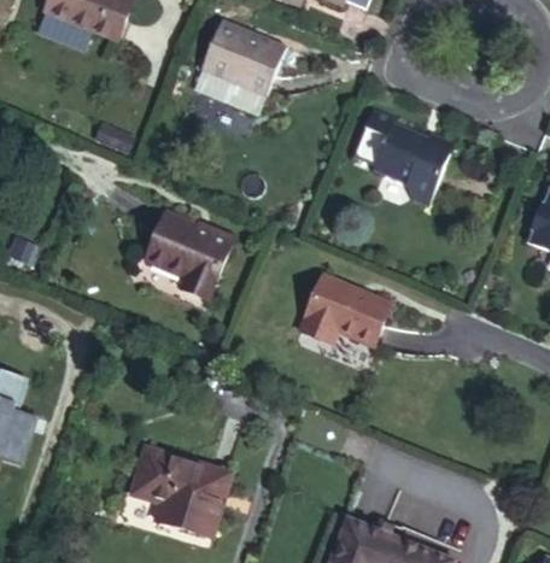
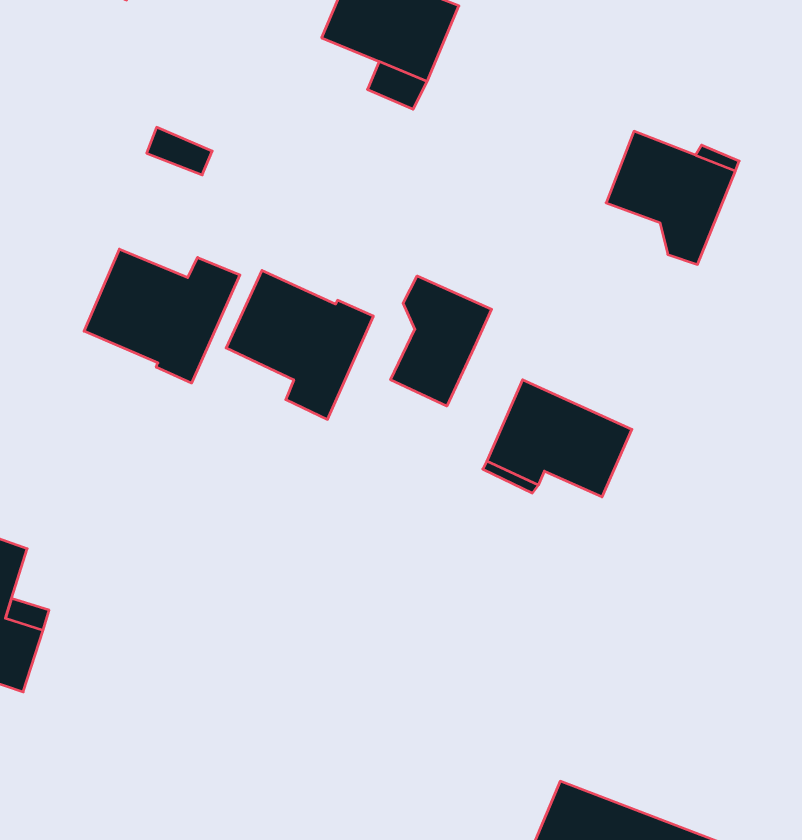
building: none -> [84,249,240,383]
building: none -> [391,276,492,406]
building: [134,448,229,535] -> none

